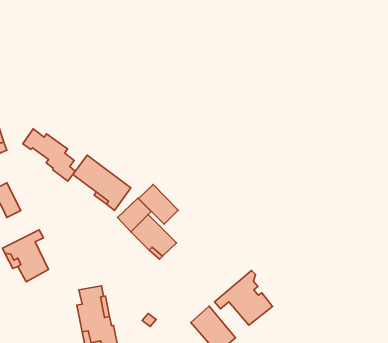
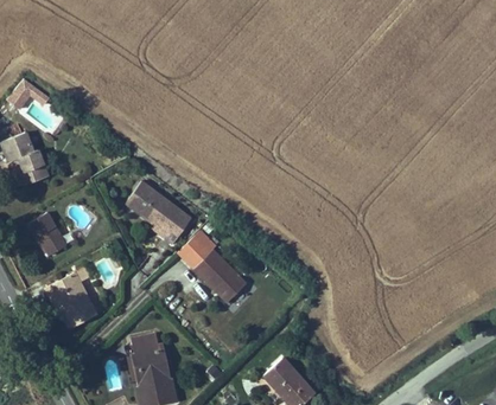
building: [23,129,75,181] -> none
building: [138,185,178,224] -> none
building: [215,271,273,325] -> none

